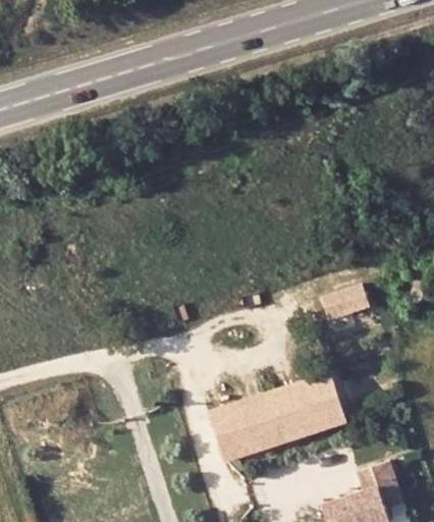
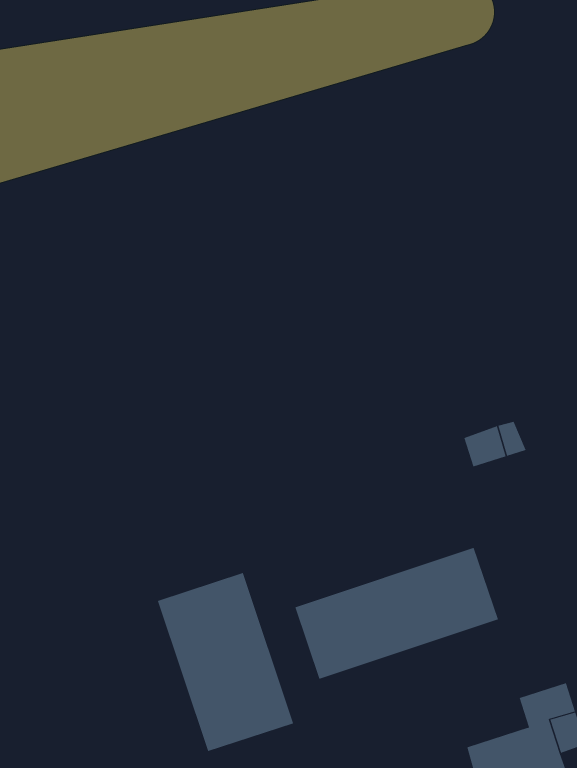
building: none -> [157,572,294,752]

